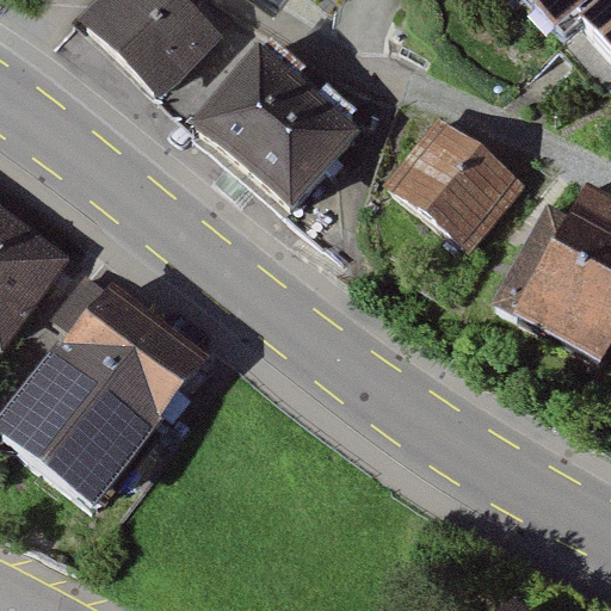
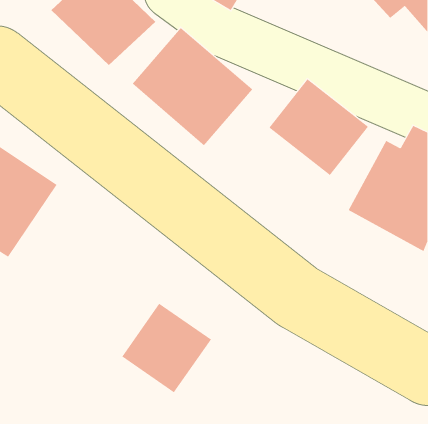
building: [14,295,221,513] -> none
building: none -> [121,303,212,393]

